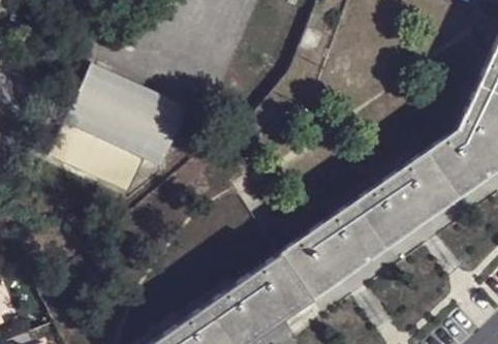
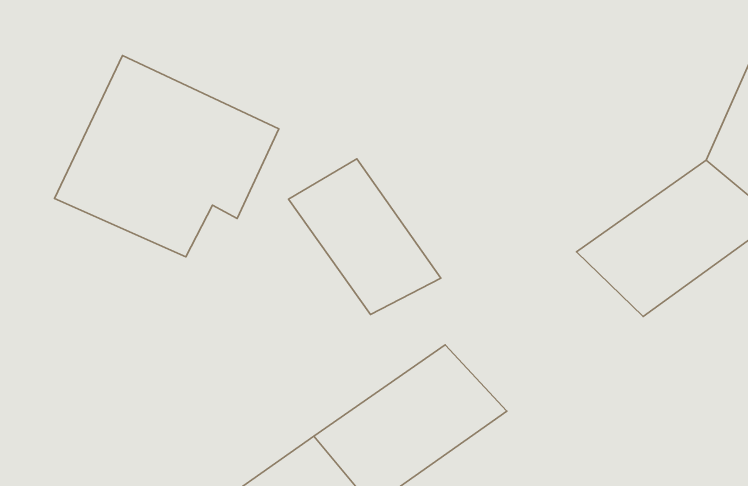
building: none -> [288,159,441,314]
building: [294,185,417,284] -> none

